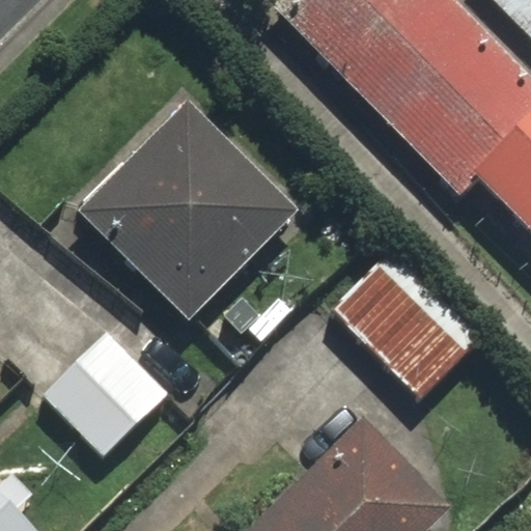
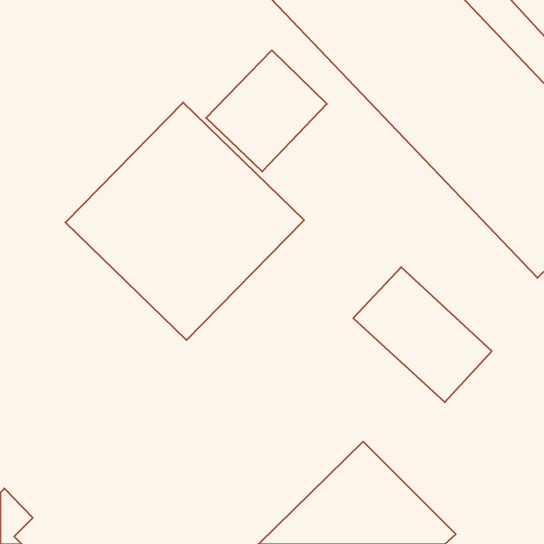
building: none -> [206,50,327,172]
building: [41,331,170,458] -> none

